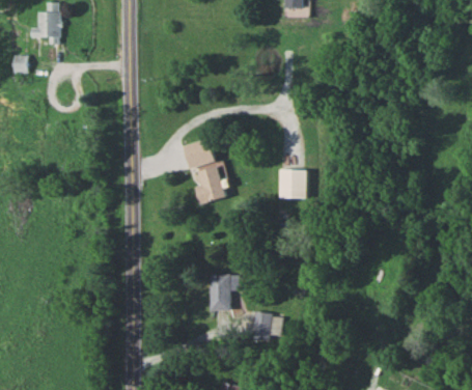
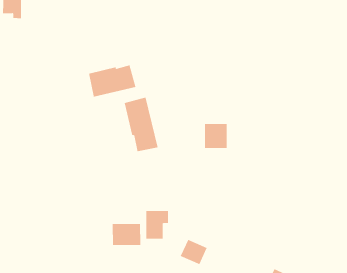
building: none -> [88,65,136,98]
building: none -> [112,223,141,246]

